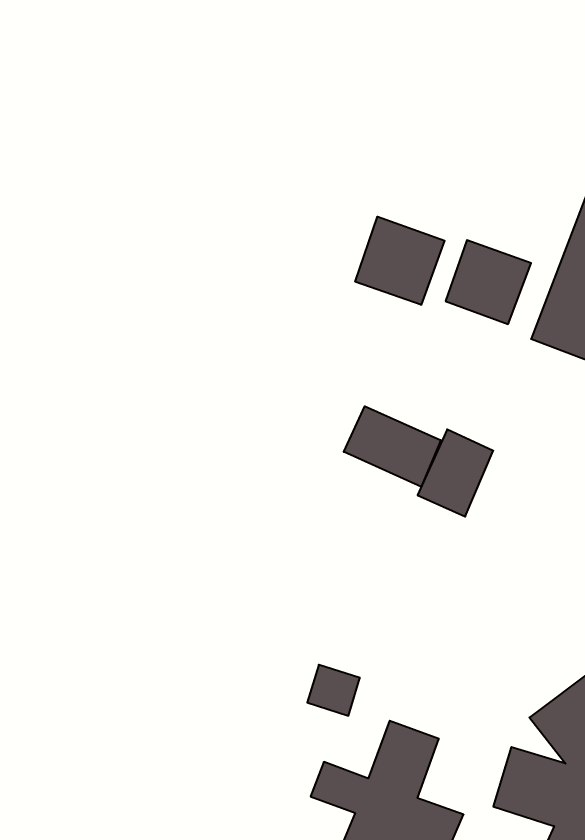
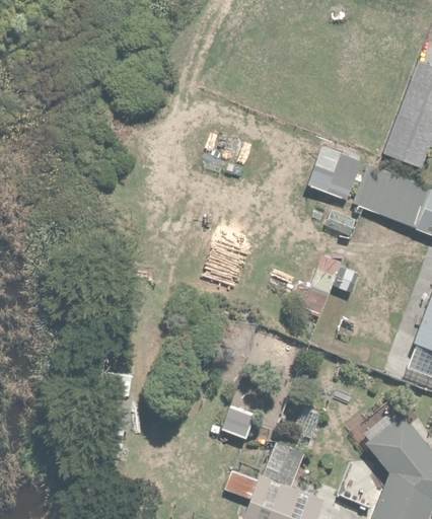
building: [355,217,445,305] -> none
building: [344,406,441,487] -> none

